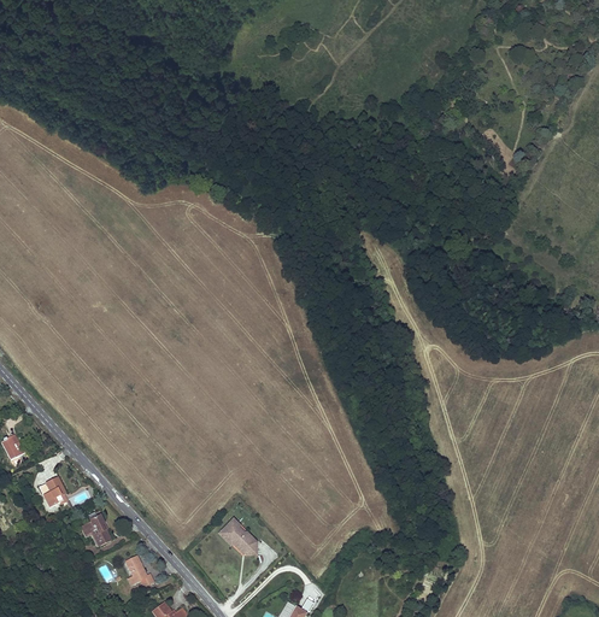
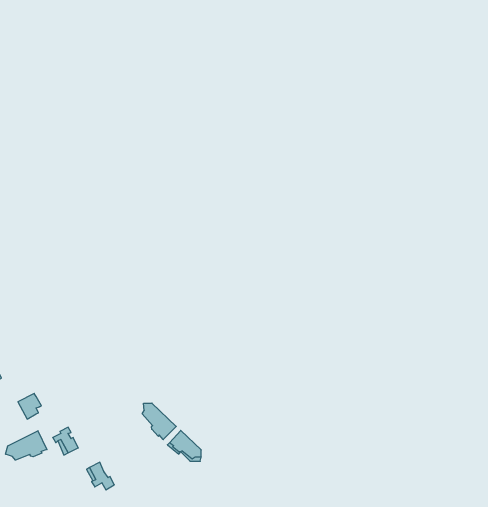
building: none -> [142,403,176,440]
building: none -> [6,431,47,460]

